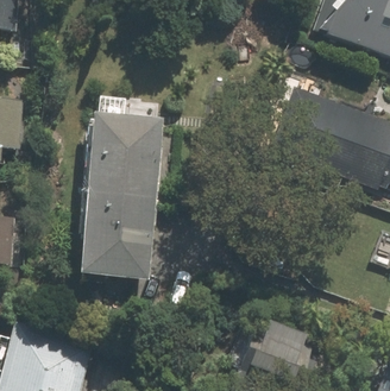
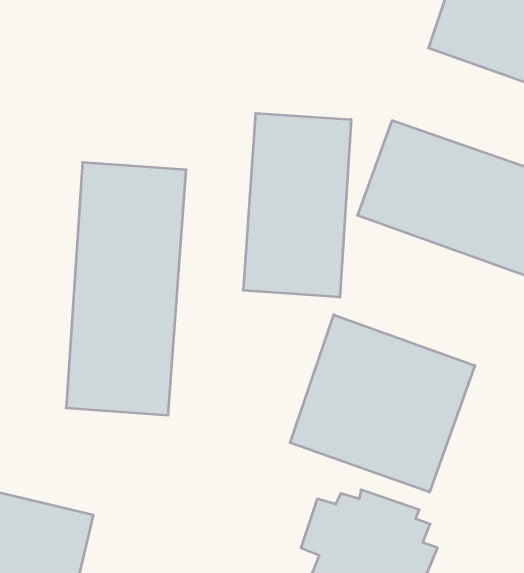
building: none -> [243,113,351,297]
building: none -> [290,315,475,492]

